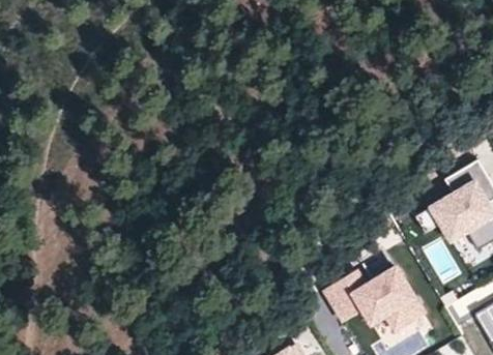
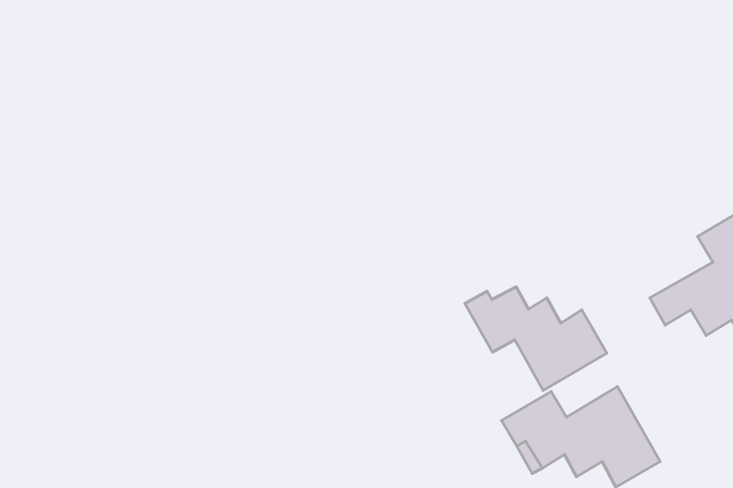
building: none -> [465,287,607,390]

